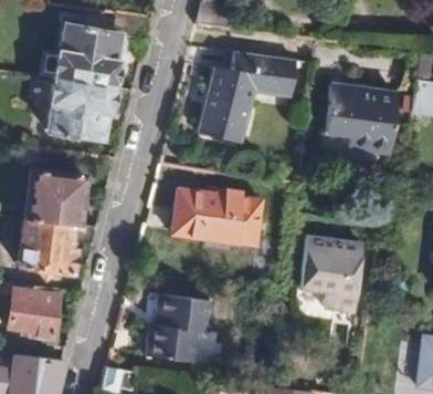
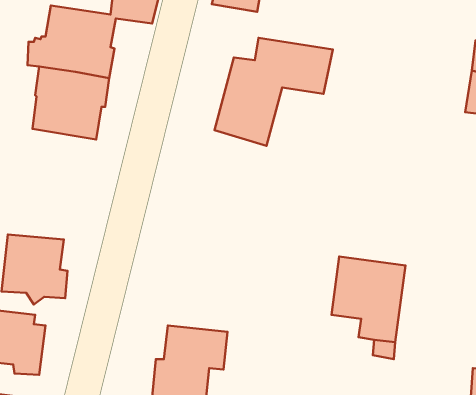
building: [329,89,402,154] -> none
building: [25,170,85,225] -> none
building: [175,191,263,247] -> none

